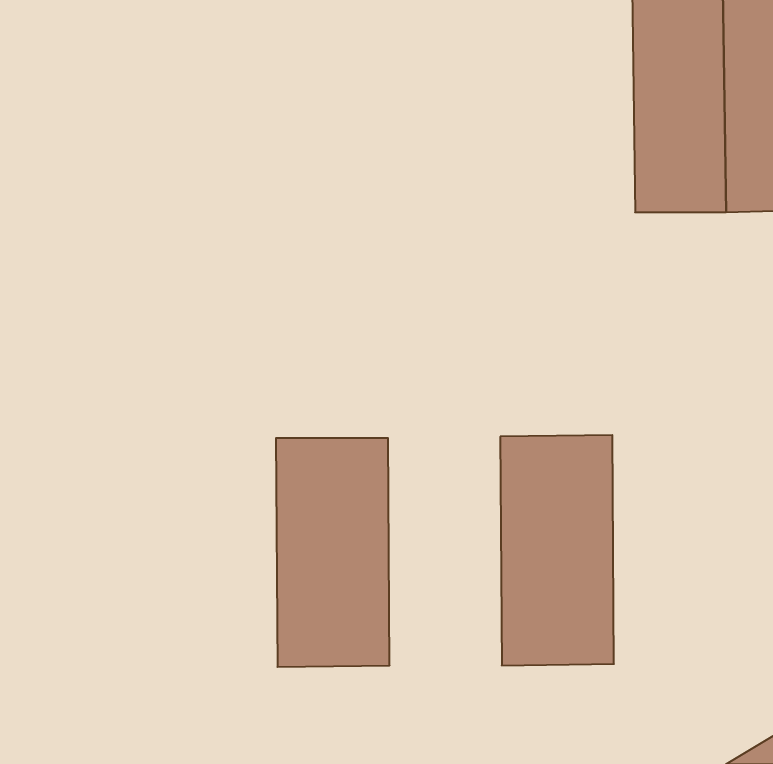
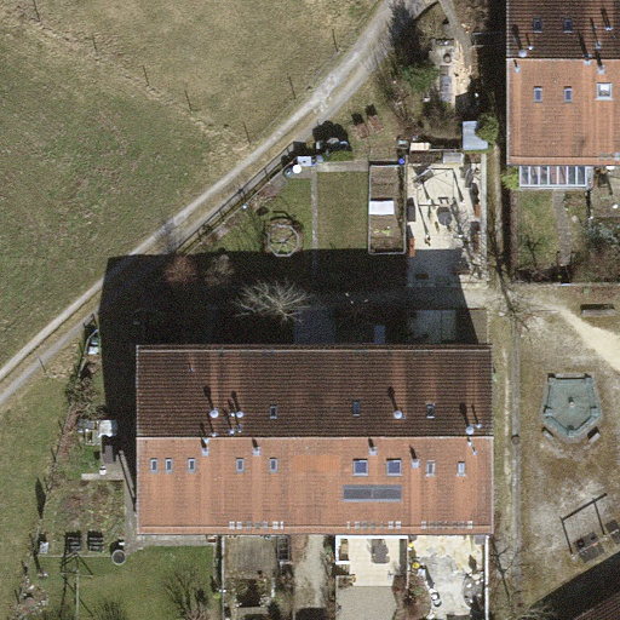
building: none -> [311,349,402,532]
building: none -> [136,350,223,534]

